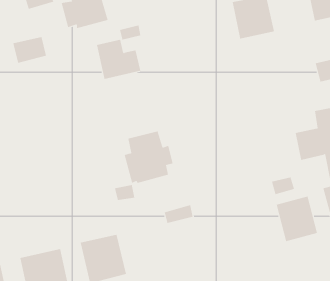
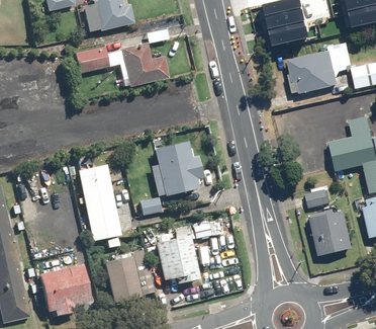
building: [13,37,47,63] -> [74,46,110,74]
building: none -> [289,43,354,92]
building: none -> [77,164,122,242]
building: none -> [156,235,200,279]

